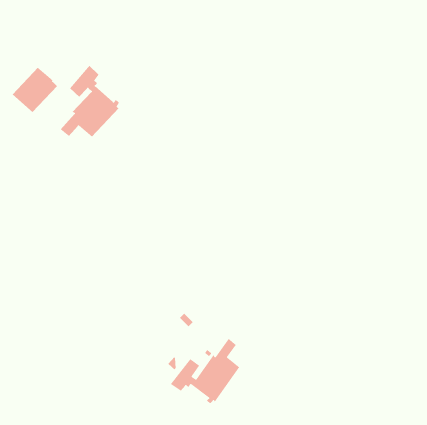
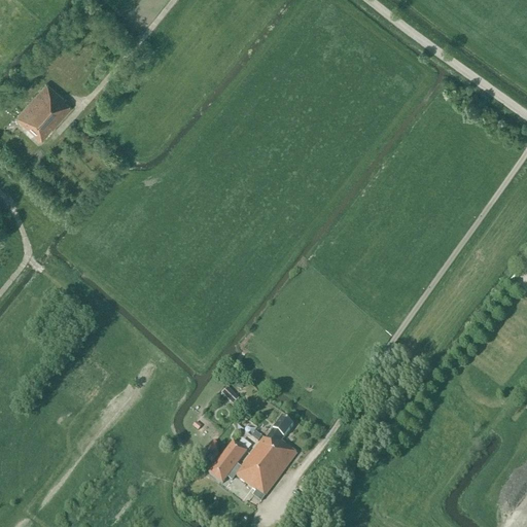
building: [60,65,120,138] -> none

